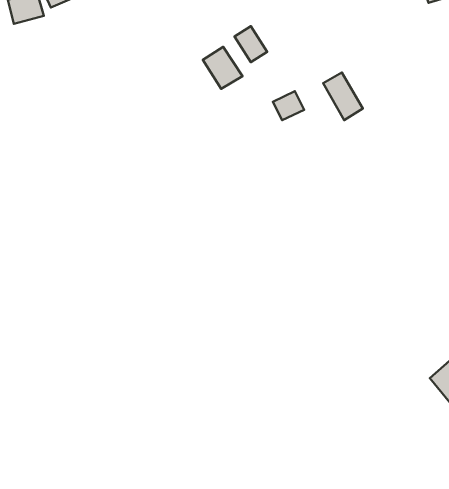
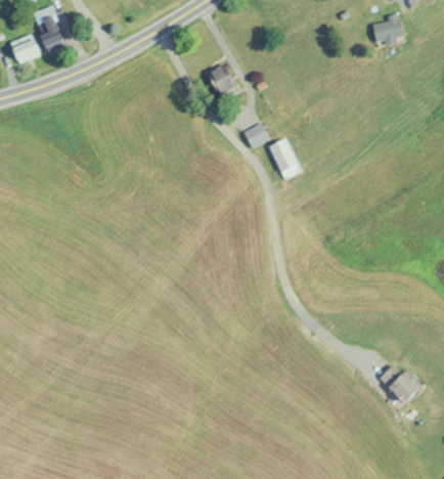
building: [203,47,242,89] -> none
building: [323,73,363,120] -> [268,138,303,180]

